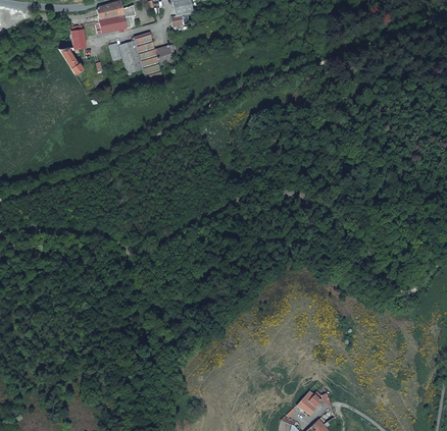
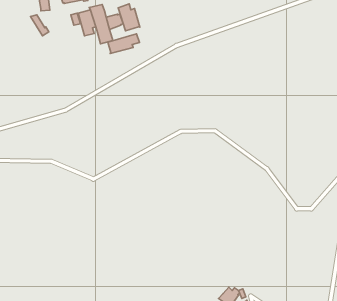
building: none -> [118,4,140,31]
building: none -> [108,34,140,53]

